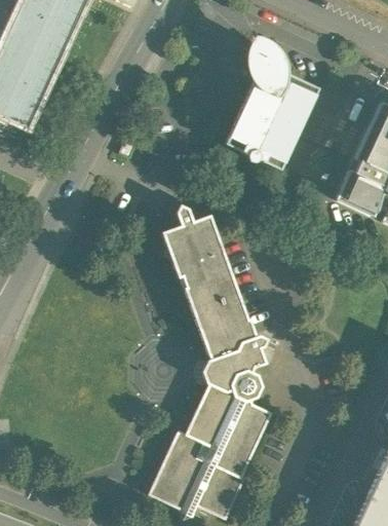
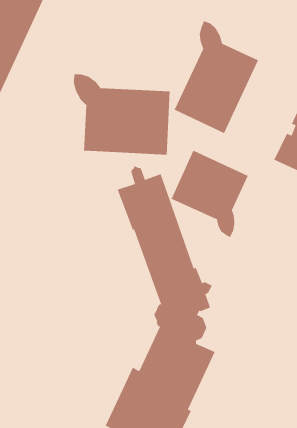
building: none -> [73,73,170,155]
building: none -> [171,150,248,238]

